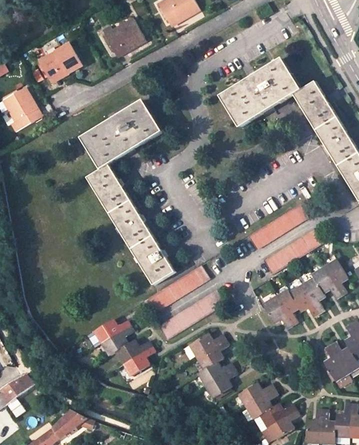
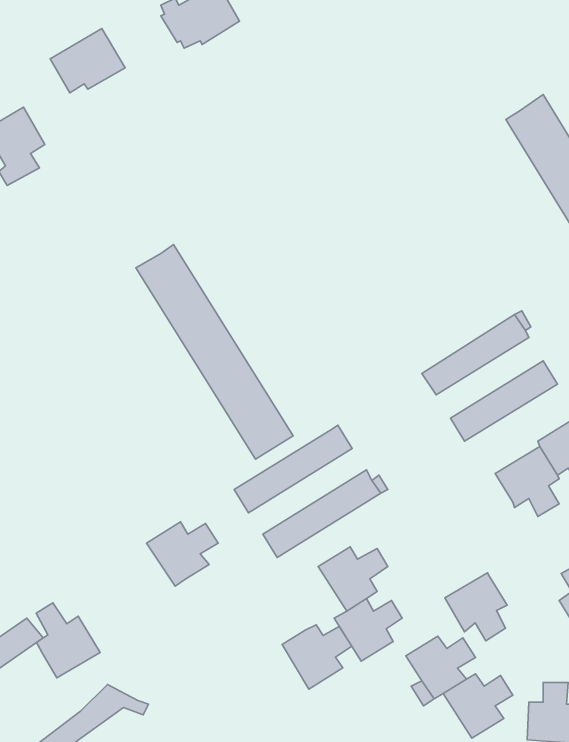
building: [220,57,302,127] -> none
building: [81,99,163,169] -> none
building: [263,290,298,328] -> [445,573,507,641]
building: [115,340,154,376] -> [282,625,352,689]
building: none -> [36,603,100,678]

